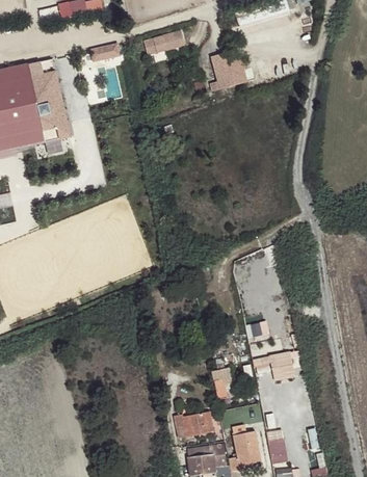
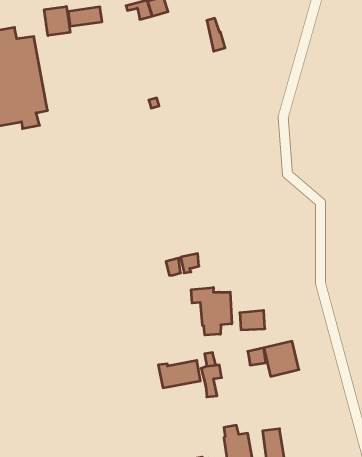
building: none -> [44,6,70,36]
building: none -> [191,287,232,335]
building: [174,413,212,438] -> [158,360,200,388]

